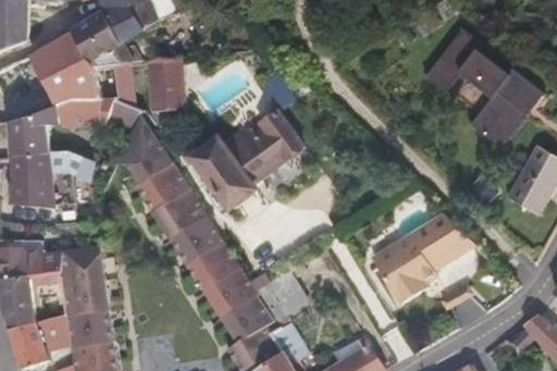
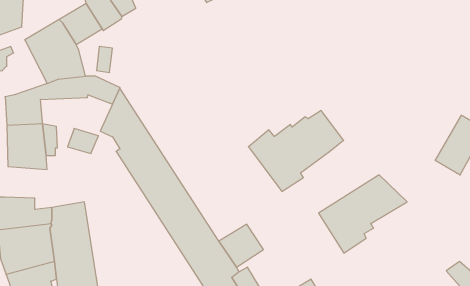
building: [424,30,535,145] -> none
building: [147,58,185,111] -> none
building: [191,114,302,209] -> [248,110,344,191]

